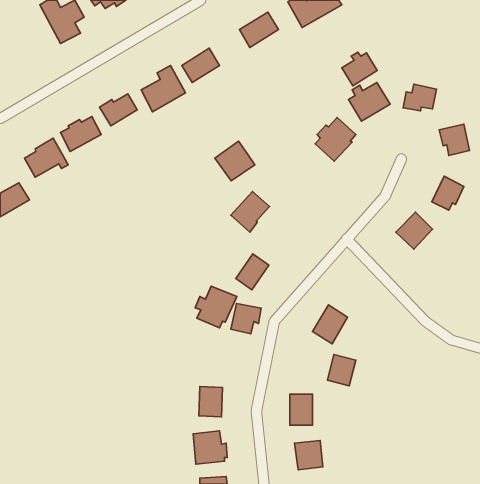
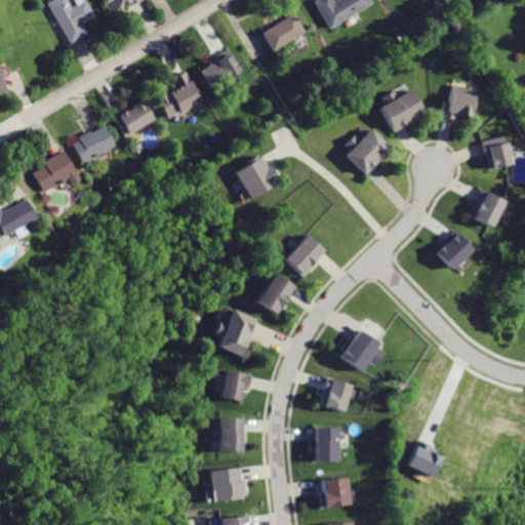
building: [342,52,377,86] -> none
building: [231,191,270,232] -> [286,233,328,277]
building: [231,303,261,334] -> [220,368,253,401]
building: [327,355,356,386] -> [324,377,355,411]
building: none -> [408,440,441,476]

